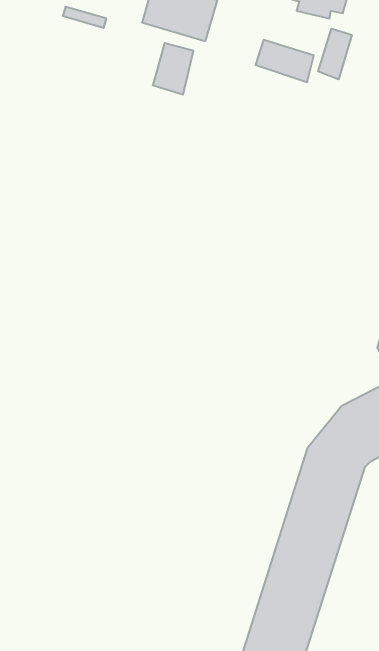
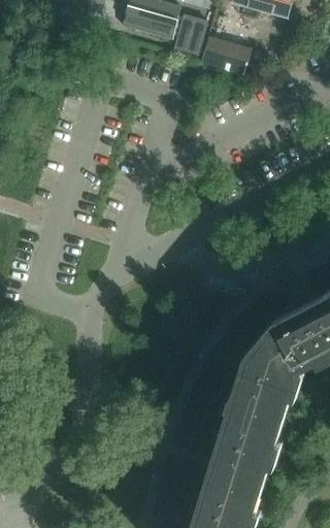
building: [318,29,352,79] -> none
building: [153,43,194,95] -> [175,15,207,56]

